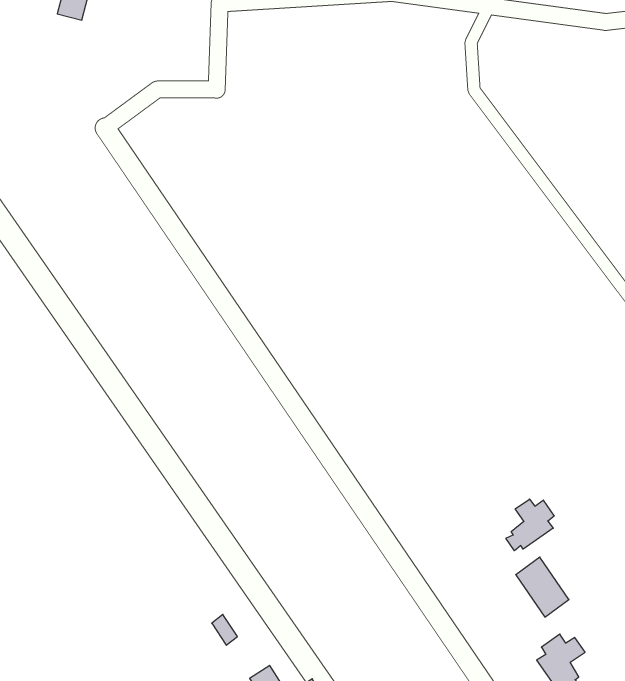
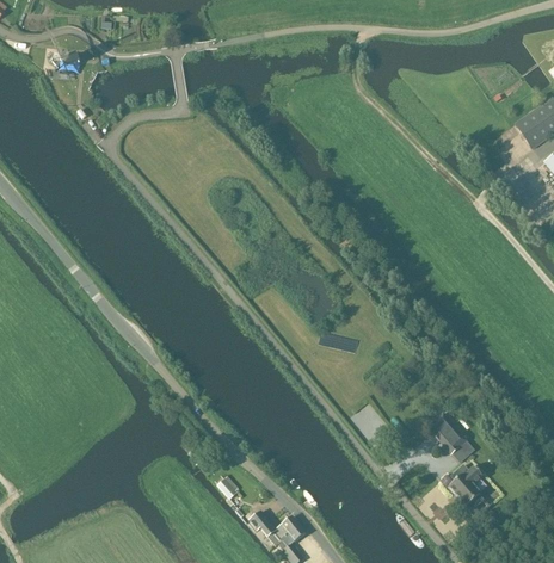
building: [506,499,554,551] -> none

